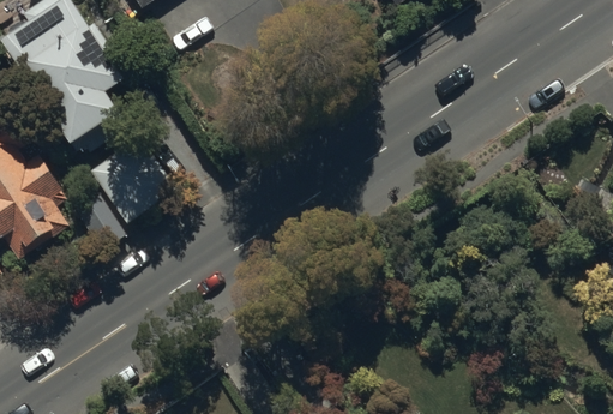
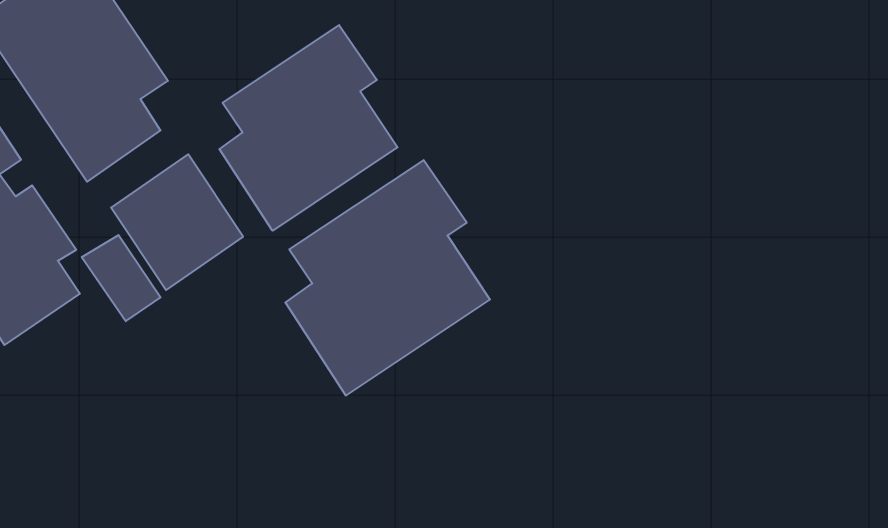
building: none -> [219,25,398,231]
building: none -> [285,160,490,396]

